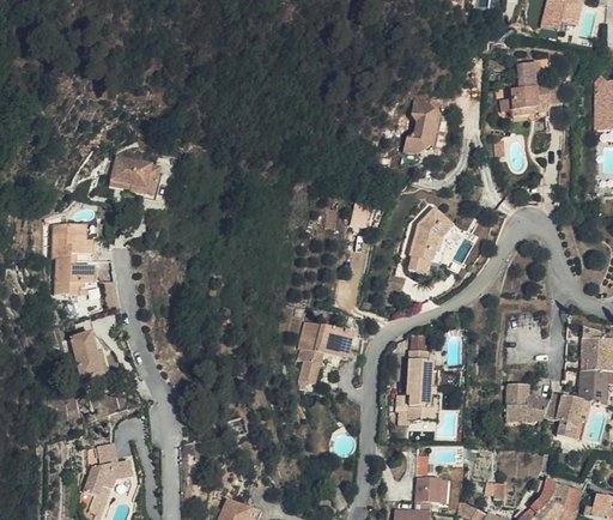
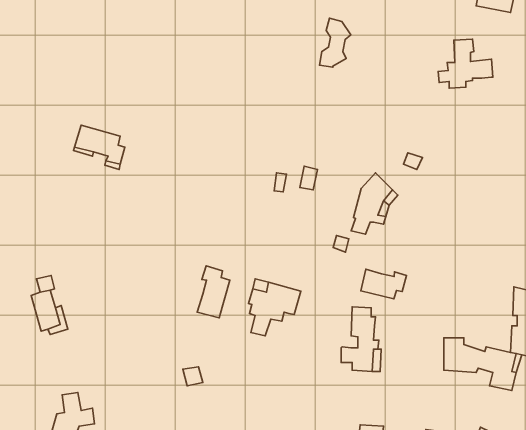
building: [405,101,438,153] -> [320,18,351,67]
building: [53,222,95,292] -> none
building: none -> [197,266,230,318]
building: none -> [361,269,406,299]

